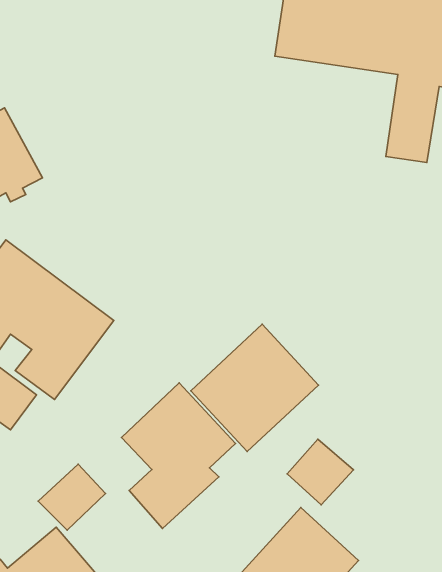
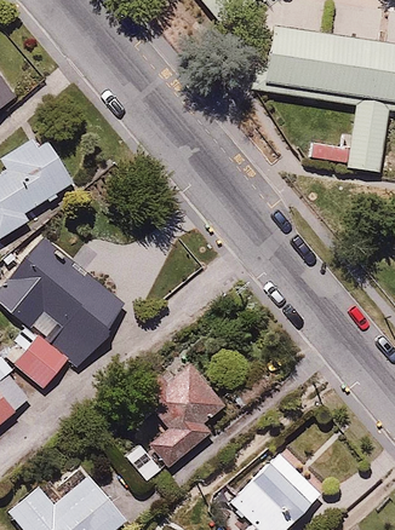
building: [191,324,318,452] -> none
building: [287,439,354,505] -> none
building: [38,464,106,530] -> none

